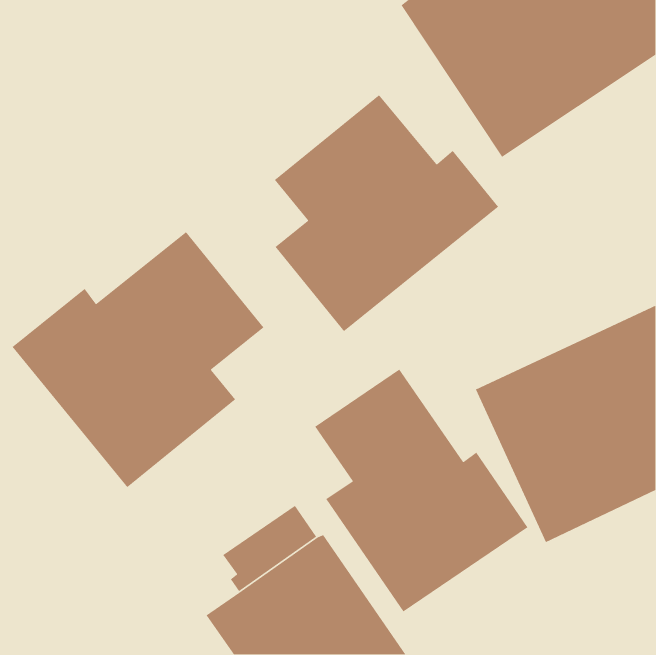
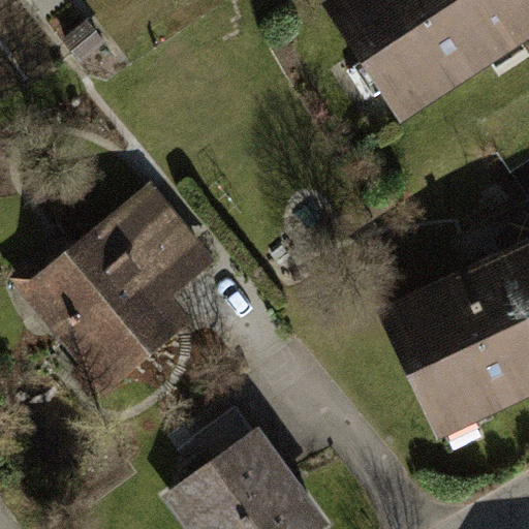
building: [274,94,499,332] -> none
building: [314,368,529,613] -> none

